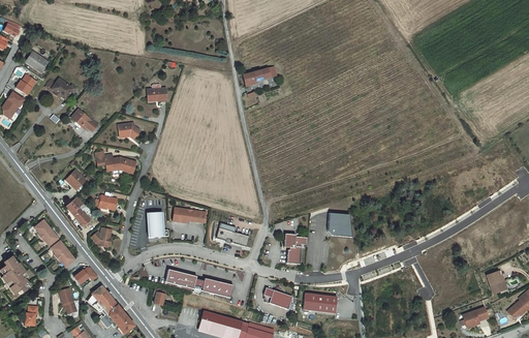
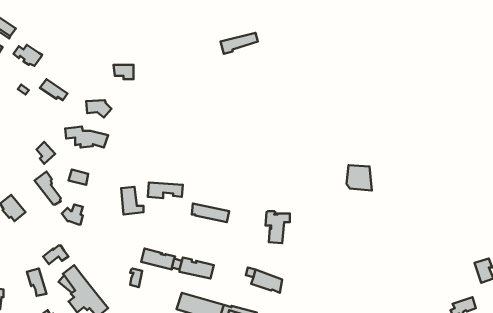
building: [328,213,351,237] -> [346,165,372,191]
building: [48,235,74,267] -> none
building: [303,291,338,312] -> none

